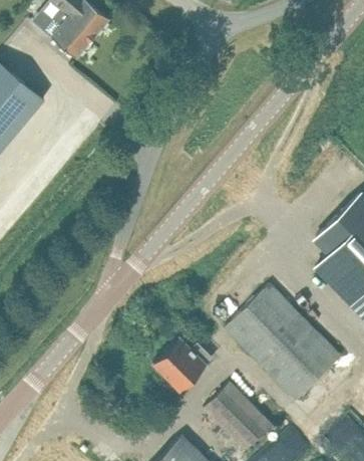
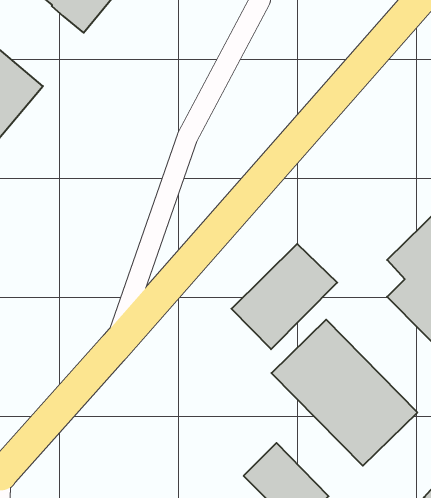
building: none -> [231,244,337,349]
building: [152,338,211,391] -> none

